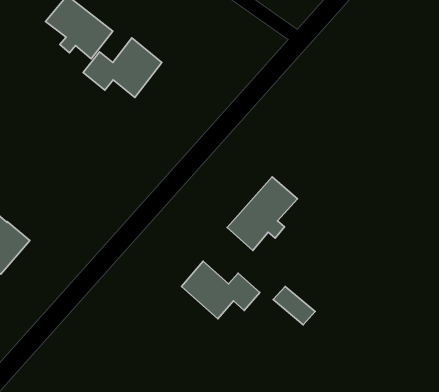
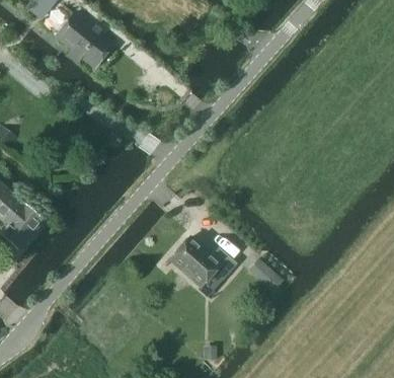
building: [83,38,162,97] -> none
building: [227,177,298,251] -> none

